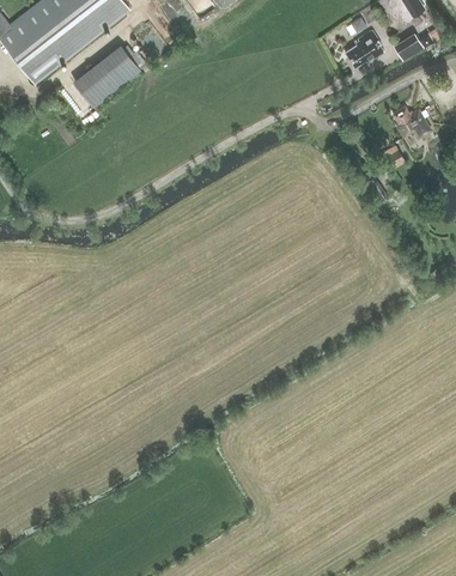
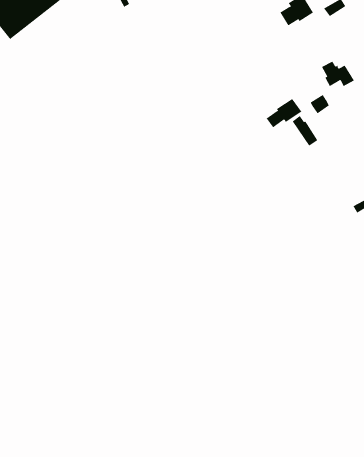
building: [68,42,138,105] -> none
building: none -> [266,98,302,128]

